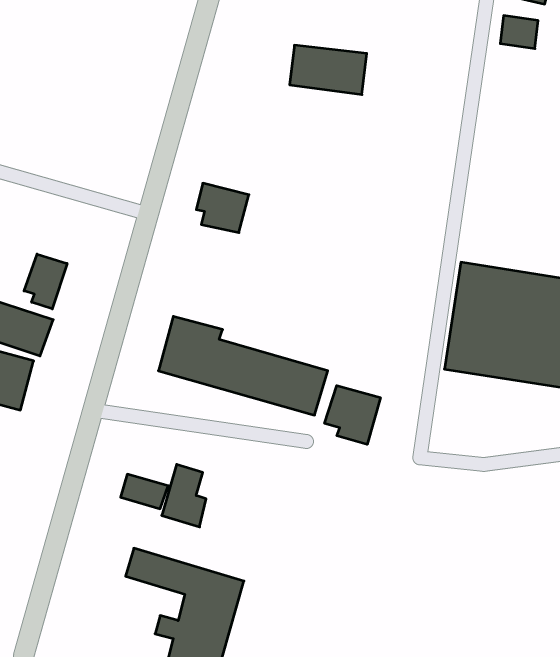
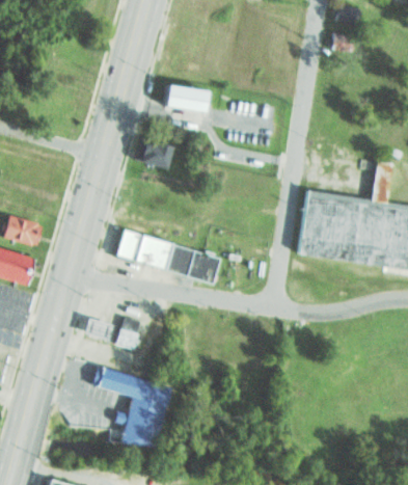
building: [290,45,367,95] -> [163,83,212,114]
building: [24,254,67,309] -> none
building: [325,386,380,444] -> none

